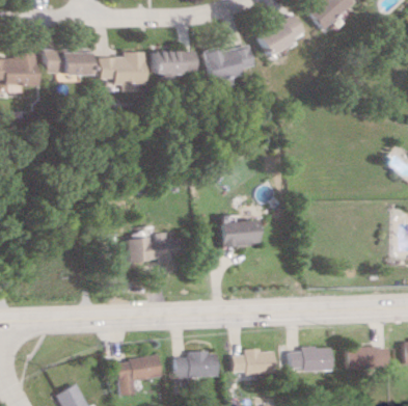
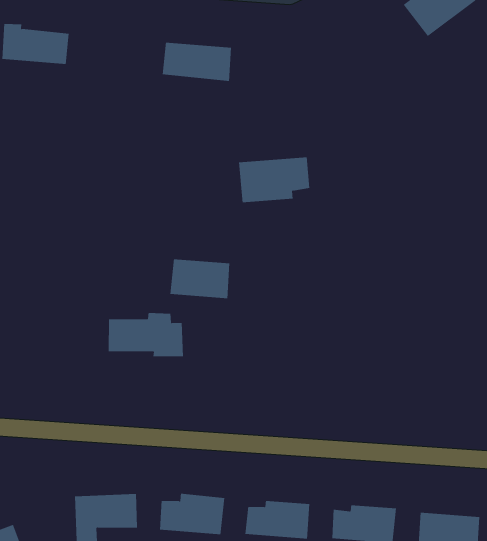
building: [253,15,302,55] -> none
building: [200,46,250,81] -> [238,157,310,203]
building: [91,52,138,91] -> none
building: [225,221,265,246] -> [169,259,230,299]

